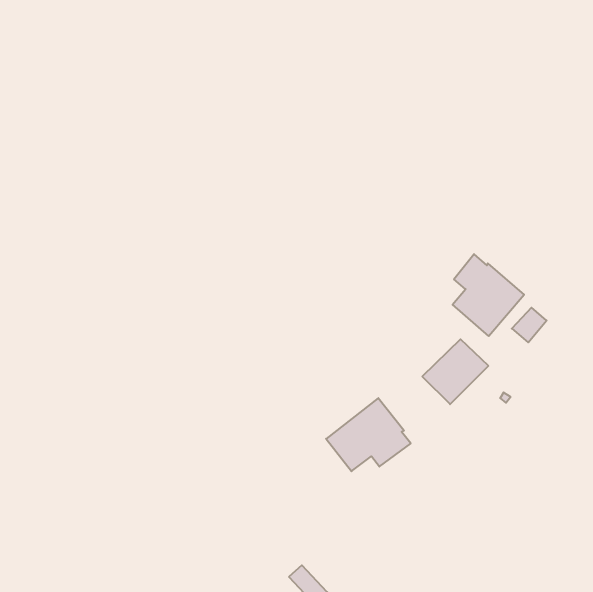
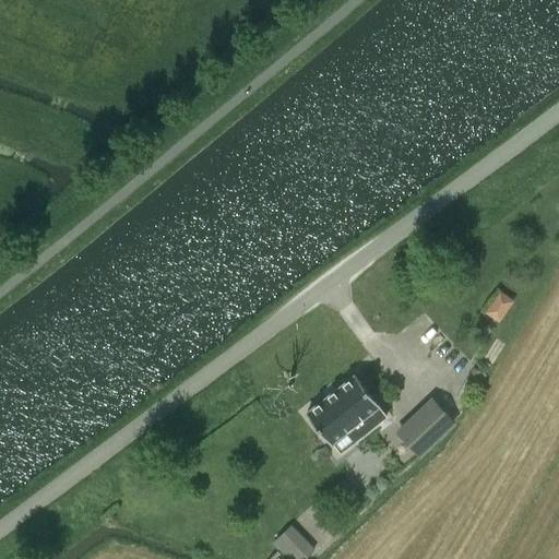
building: [453,254,524,336] -> none
building: [422,339,488,404] -> [395,397,457,459]

